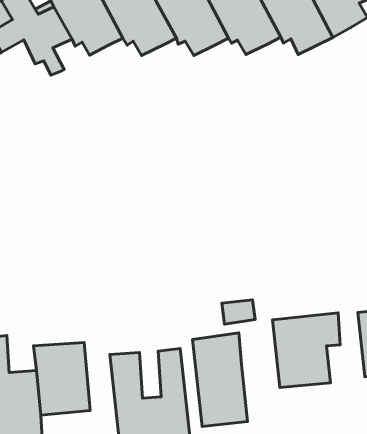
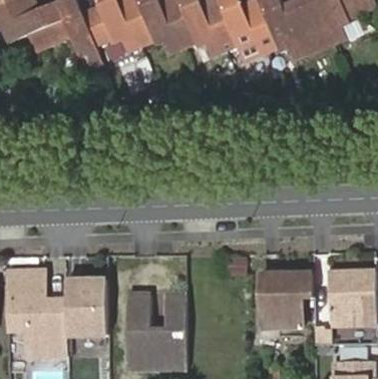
building: [192,333,248,426] -> none

